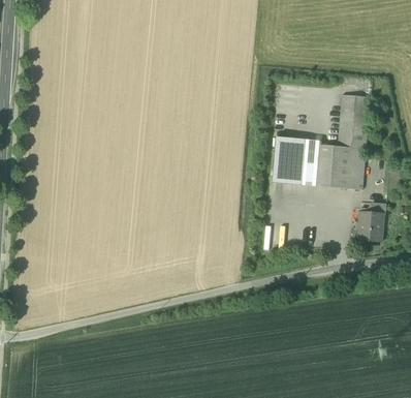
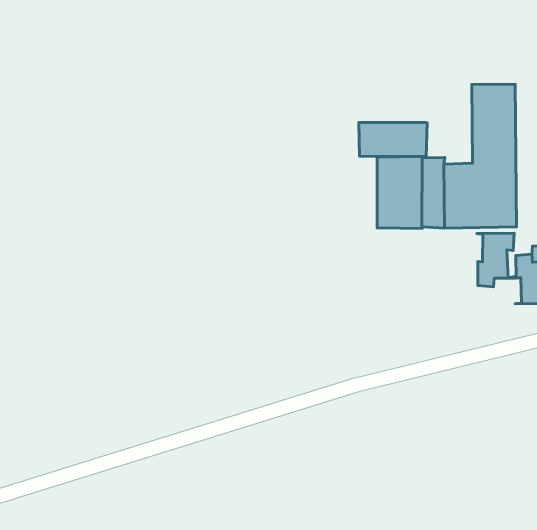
building: none -> [359,122,427,156]
building: none -> [477,233,514,287]

